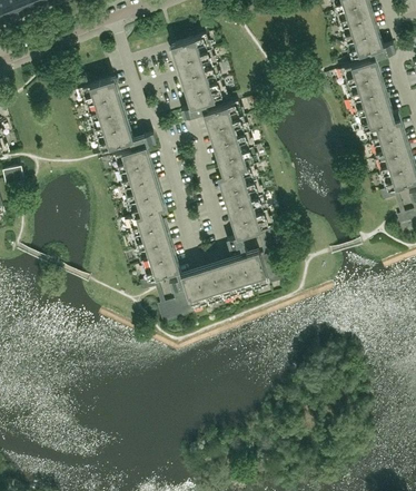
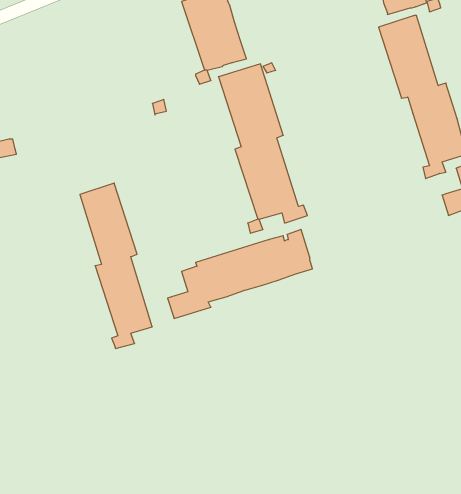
building: [80,77,130,149] -> none
building: [112,144,176,288] -> [80,183,152,348]

